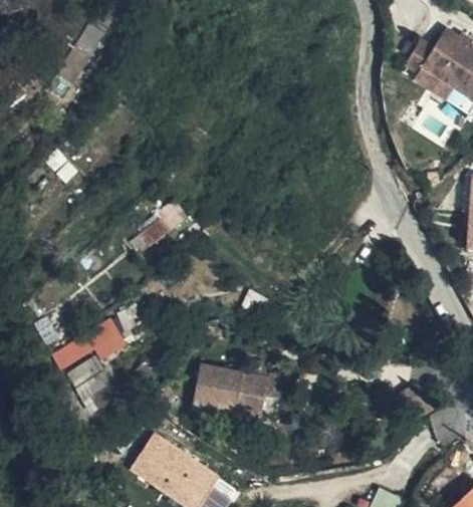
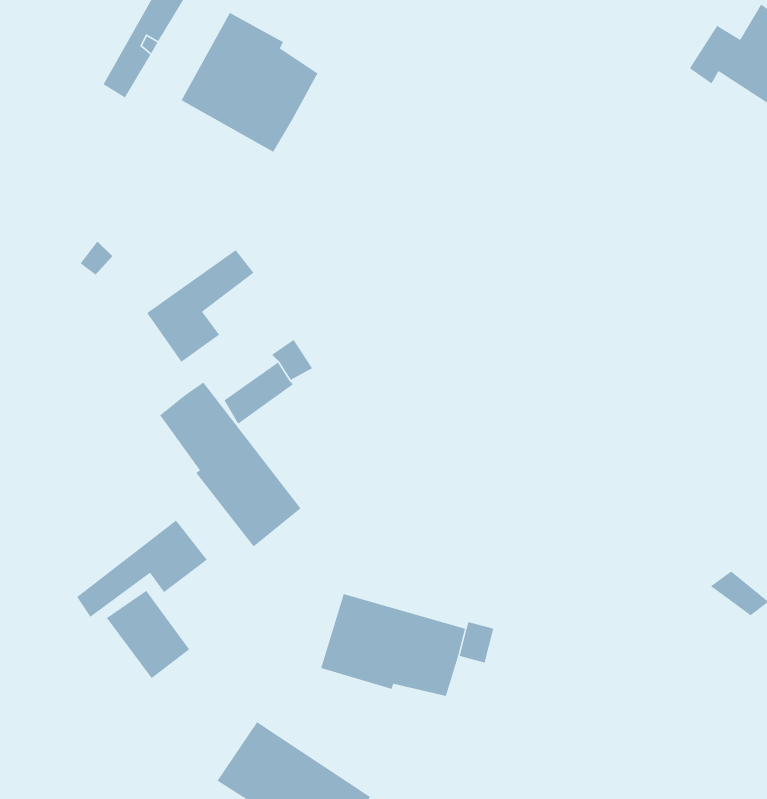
building: none -> [181,12,319,153]
building: none -> [146,249,254,363]
building: none -> [159,381,302,547]

